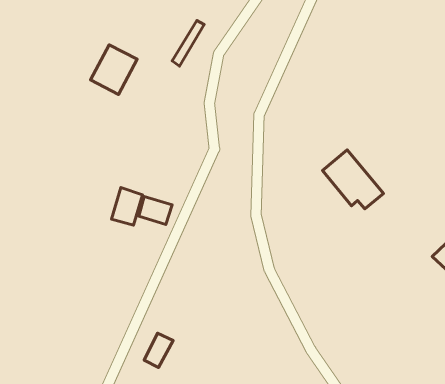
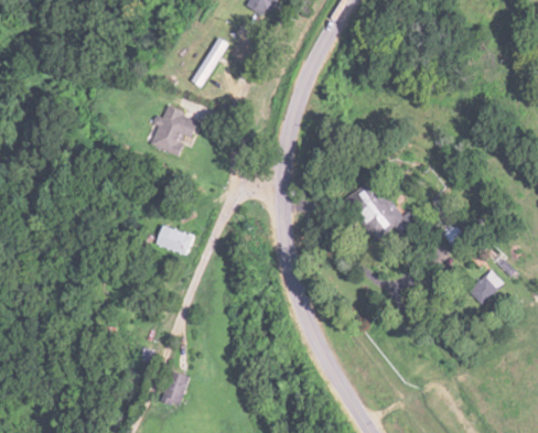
building: [90,45,137,94] -> [149,105,198,158]
building: [111,188,142,225] -> none

